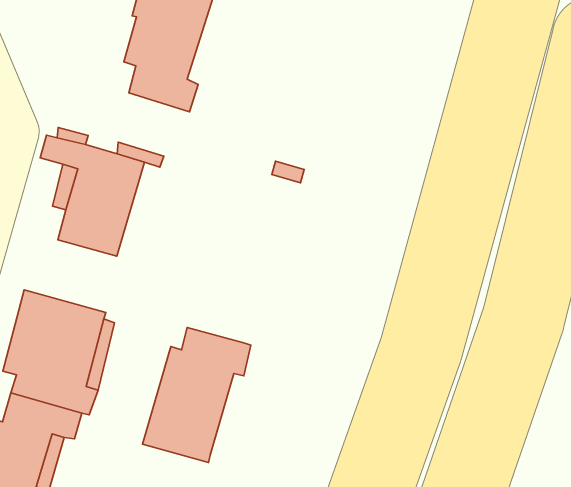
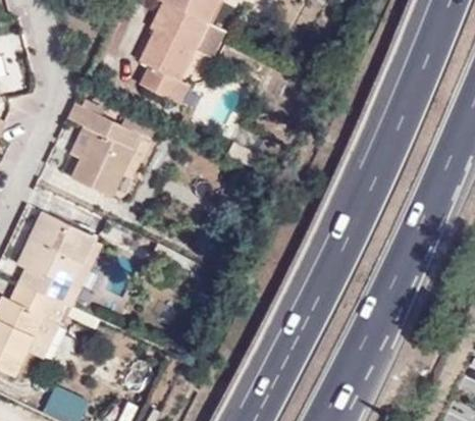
building: [142,327,251,463] -> none

